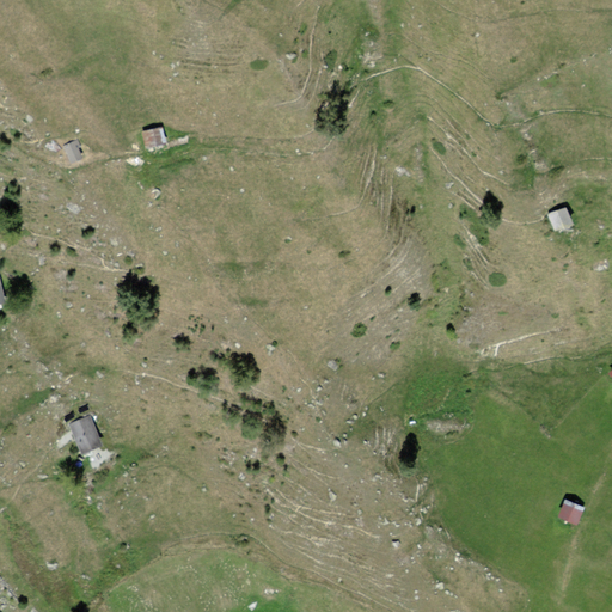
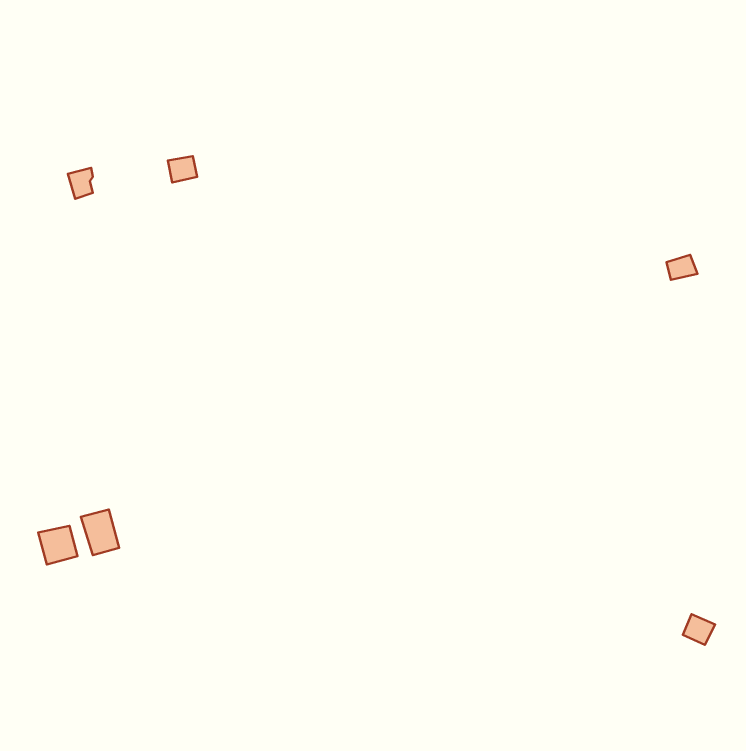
building: none -> [38,526,78,564]

